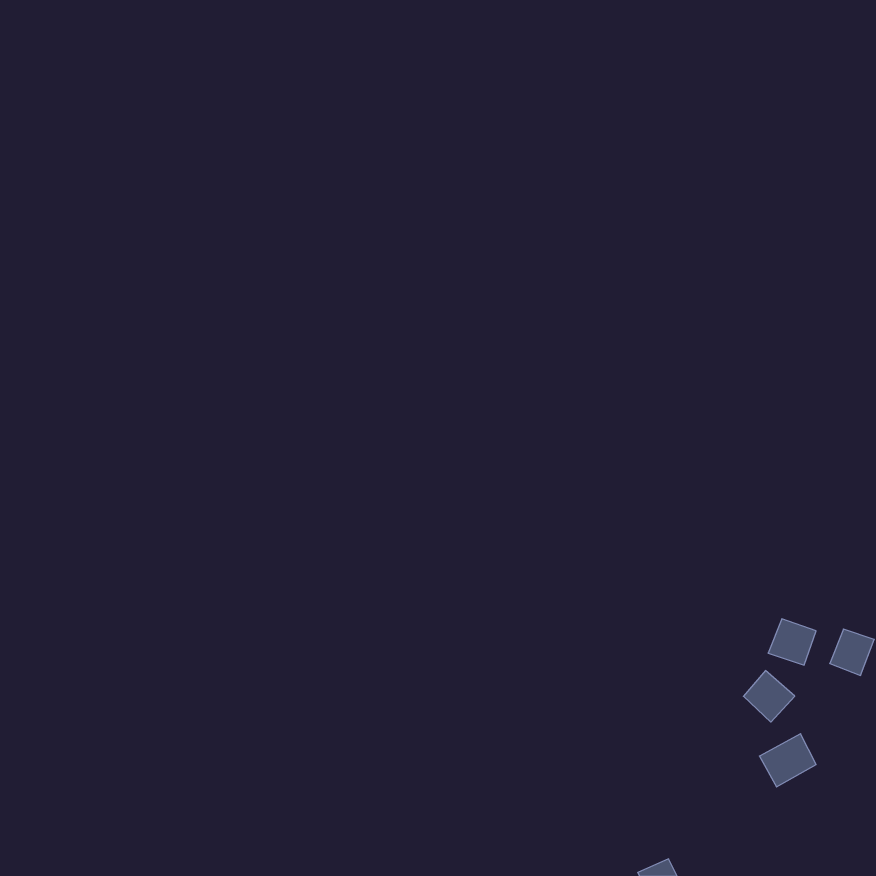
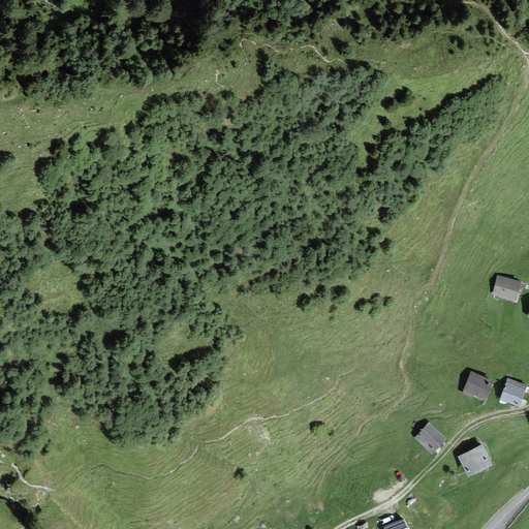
building: none -> [492,275,520,300]
building: [743,671,795,722] -> [414,422,445,453]

